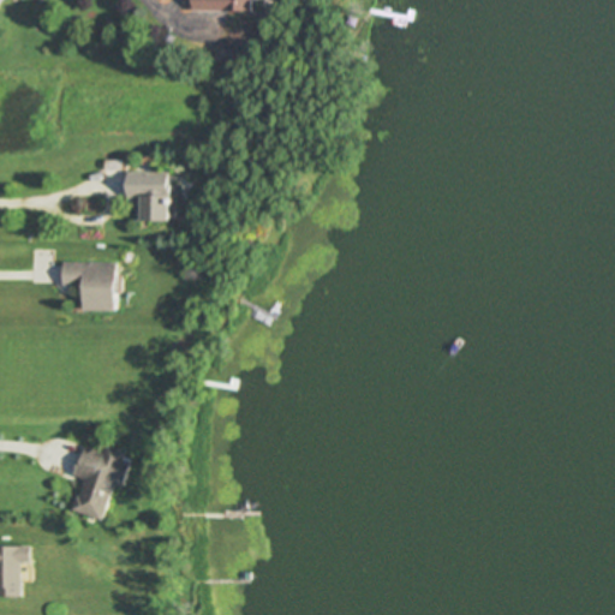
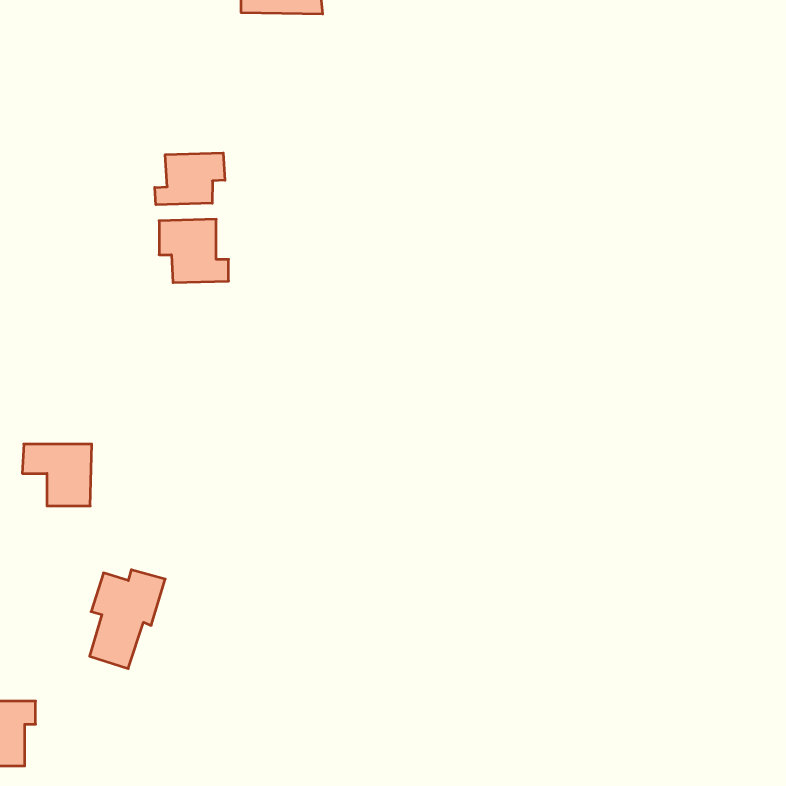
building: none -> [155,153,225,205]
building: [60,262,114,310] -> [22,444,92,506]

